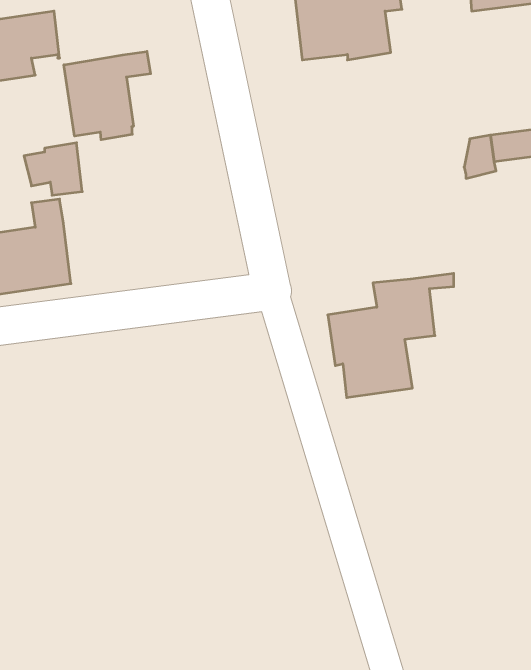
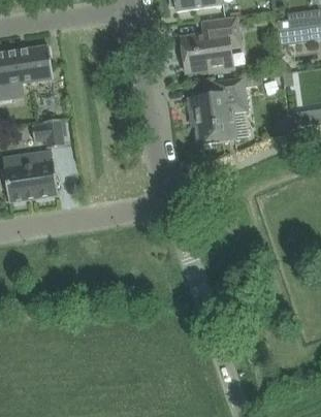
building: [64,51,151,140] -> none
building: [328,273,454,398] -> [189,75,258,143]

